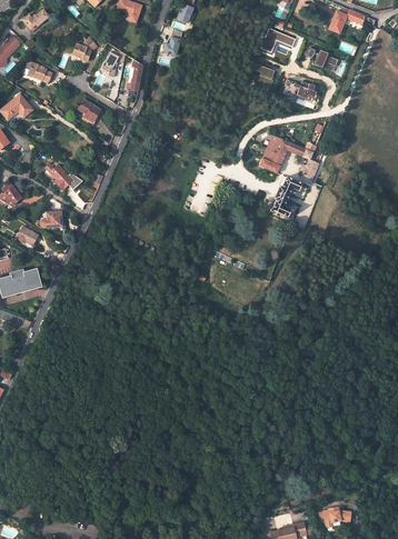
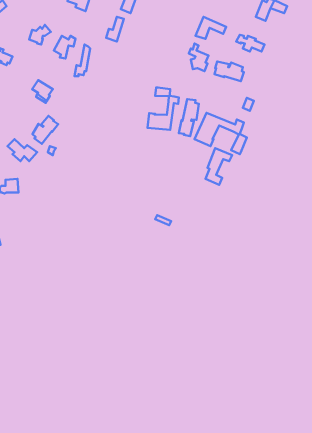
building: none -> [147,87,179,130]
building: none -> [179,99,199,136]
building: none -> [32,116,58,144]

